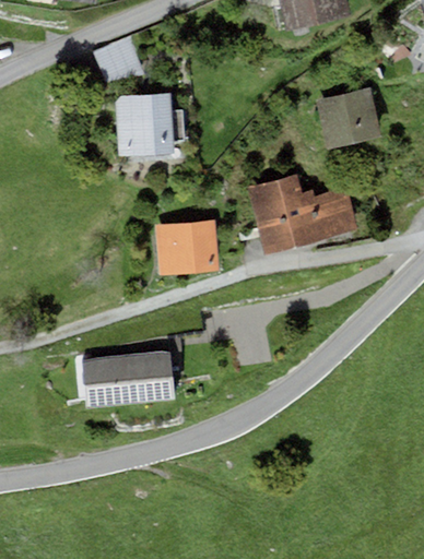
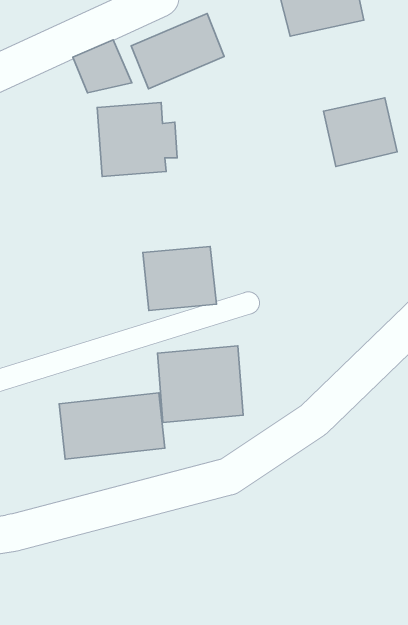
building: none -> [131,13,224,89]
building: [248,174,356,252] -> none
building: none -> [158,346,243,422]

